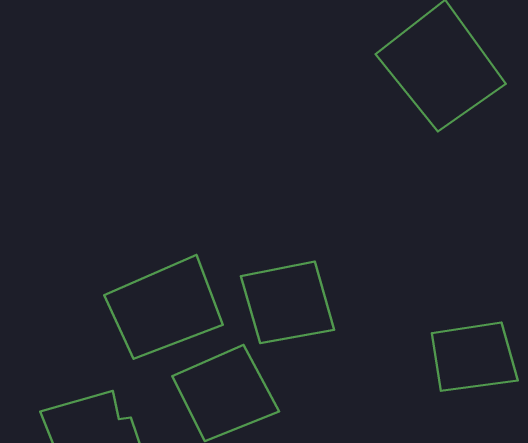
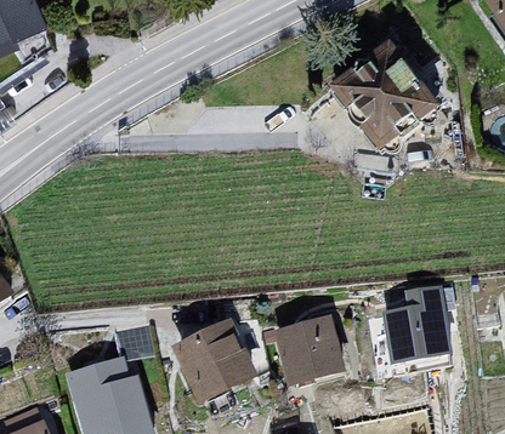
building: [104,255,223,359] -> none
building: [241,261,334,343] -> [273,318,350,384]

